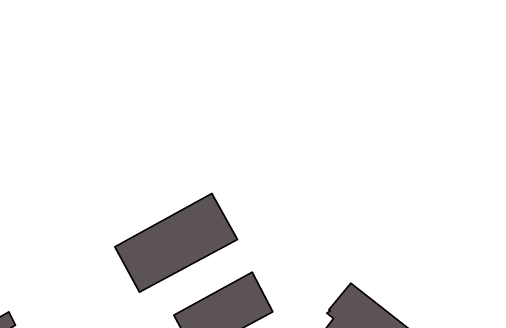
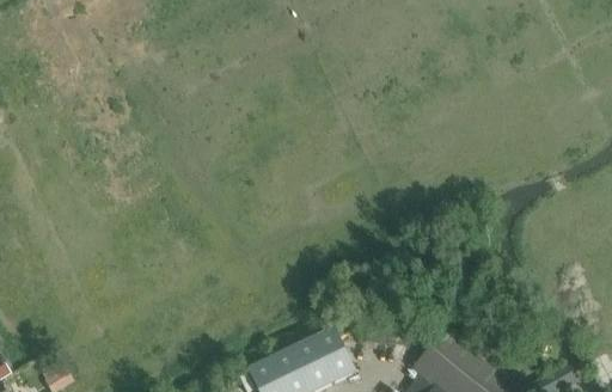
building: [115,194,237,292] -> none

